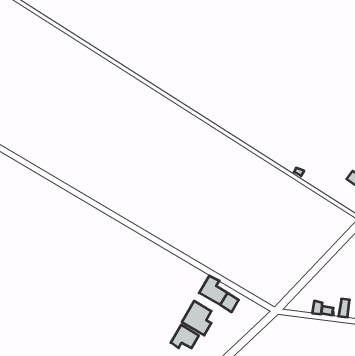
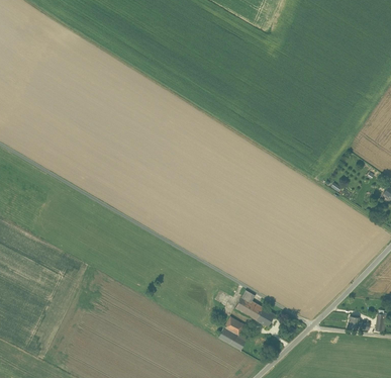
building: [171,325,199,348] -> none

